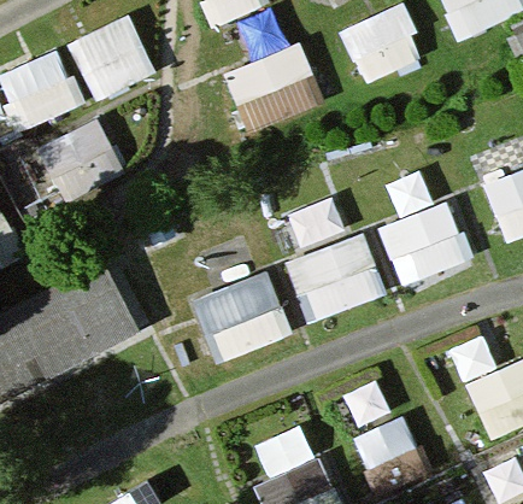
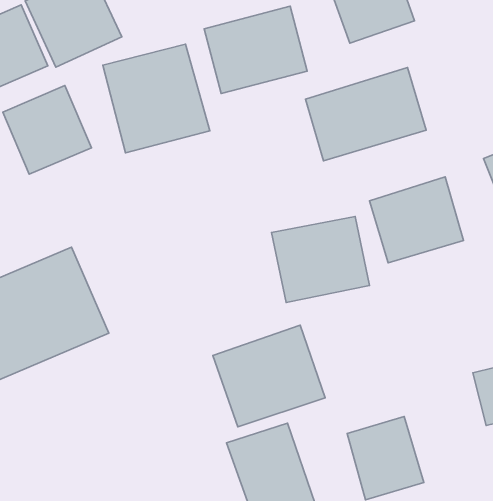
building: none -> [103,44,210,153]
building: none -> [306,68,426,161]
building: [193,269,295,362] -> [213,325,325,427]

